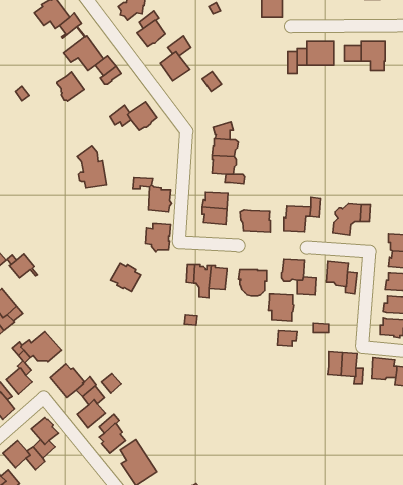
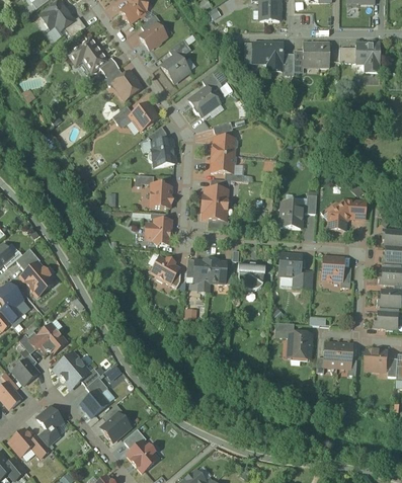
building: none -> [252,43,282,71]
building: [57,72,84,101] -> [114,71,141,99]
building: none -> [189,86,219,115]
building: [77,146,107,188] -> [147,126,175,166]
building: [240,210,270,232] -> none
building: [111,263,141,292] -> [150,257,179,285]
building: none -> [20,264,52,297]
building: [269,294,294,321] -> [288,333,312,359]

